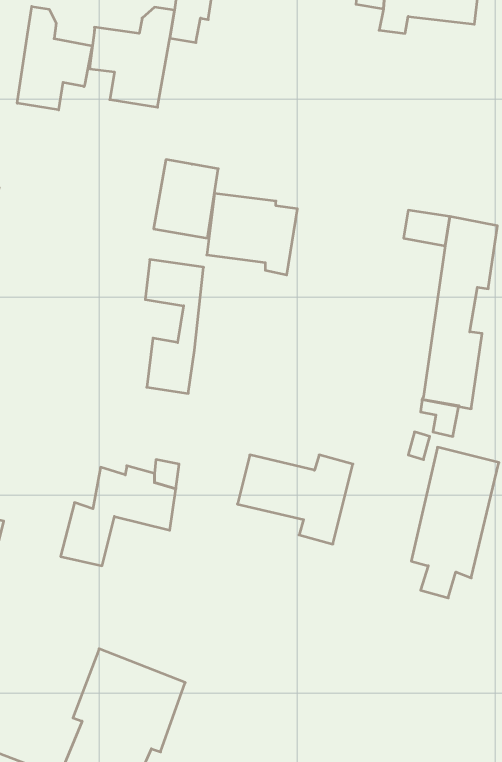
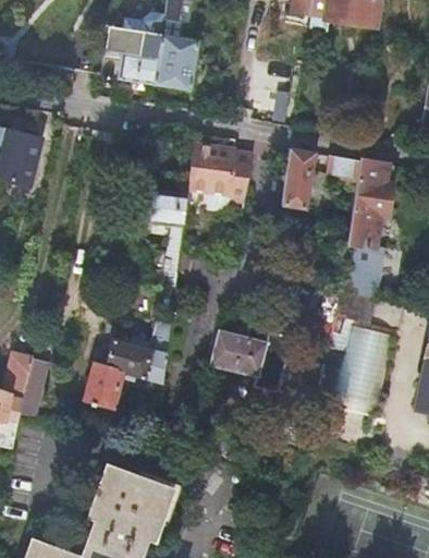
building: [17,6,92,110] -> none
building: [154,160,218,238] -> [152,34,198,89]
building: none -> [281,148,316,210]

